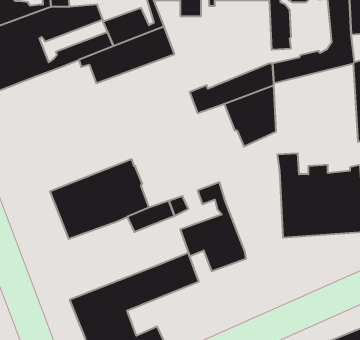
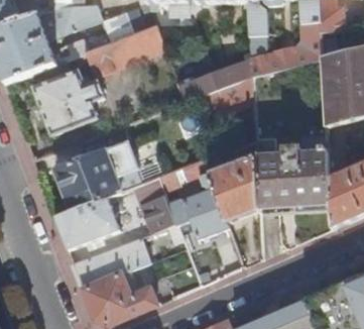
building: none -> [33,60,104,134]
building: none -> [209,150,259,221]
building: none -> [141,194,176,232]
building: none -> [55,195,119,249]

